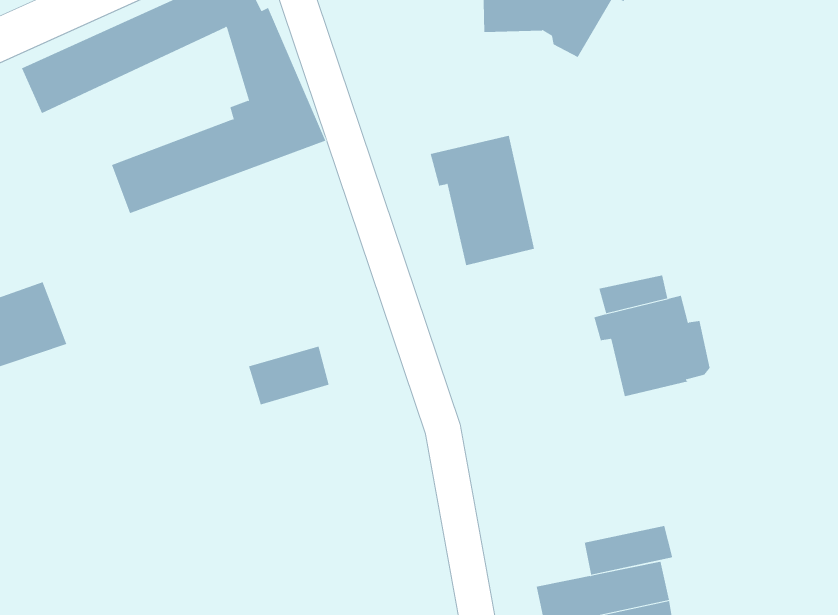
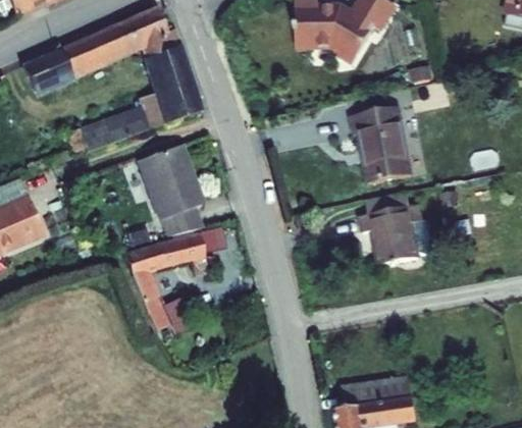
building: [430,135,535,266] -> [347,106,410,184]
building: none -> [141,145,204,237]
building: none -> [127,246,176,331]
building: [584,525,673,576] -> none

